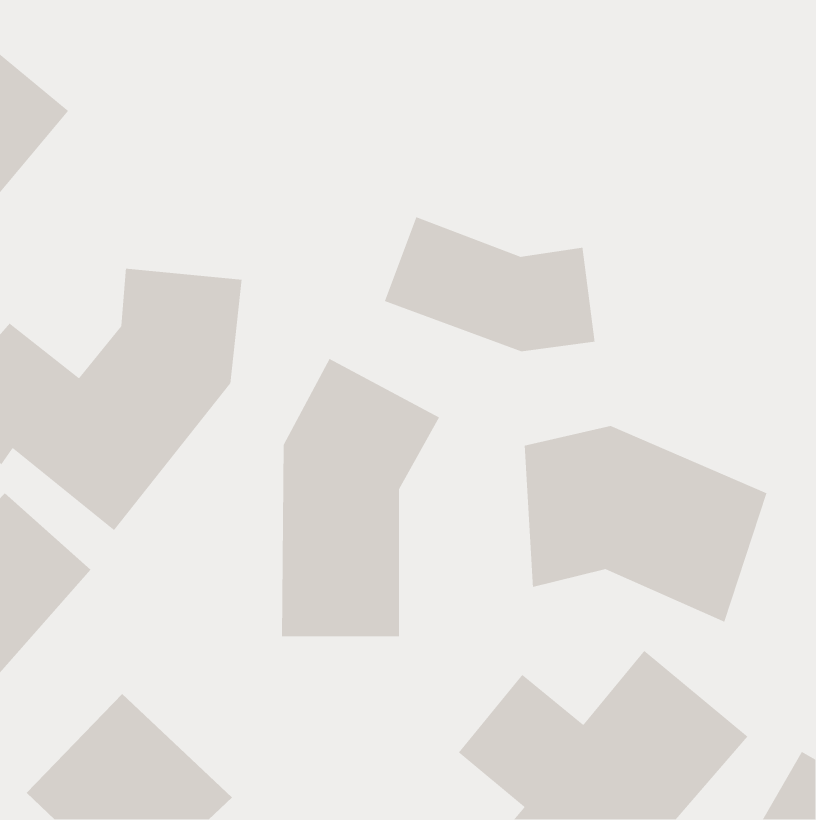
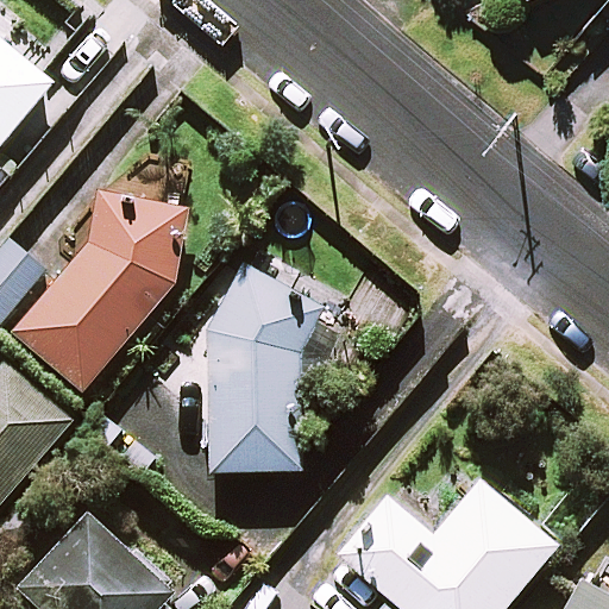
building: [384,216,596,352] -> none
building: [524,425,768,623] -> none

